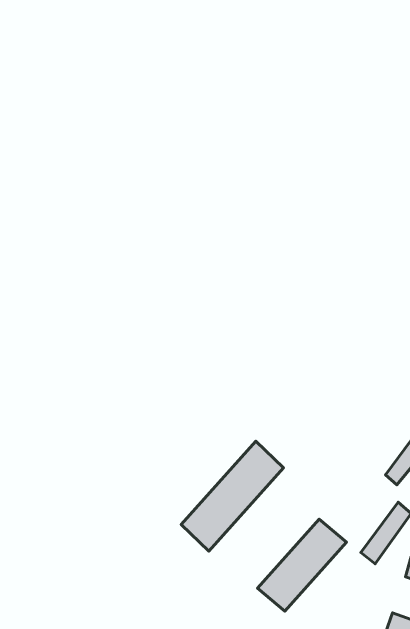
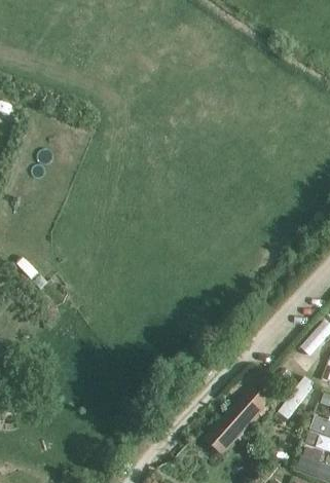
building: [181,441,284,551] -> none

